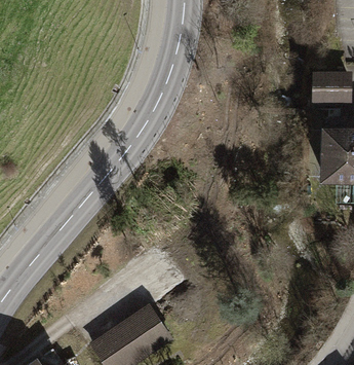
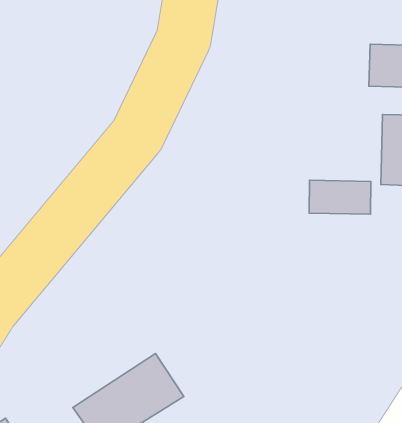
building: none -> [309,180,371,214]

